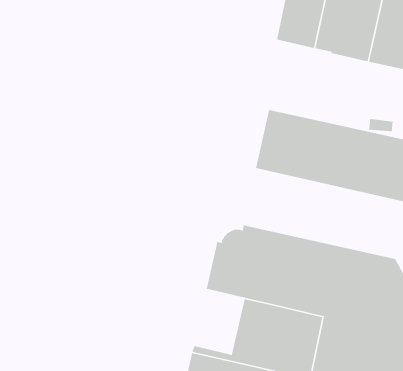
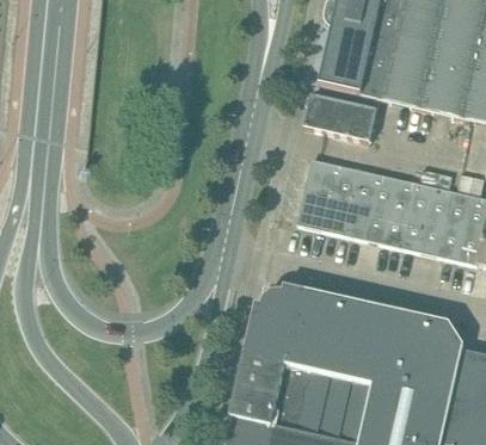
building: none -> [304,84,380,142]
building: none -> [230,354,285,425]

